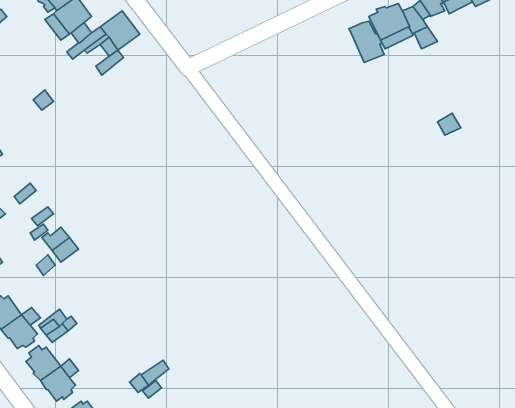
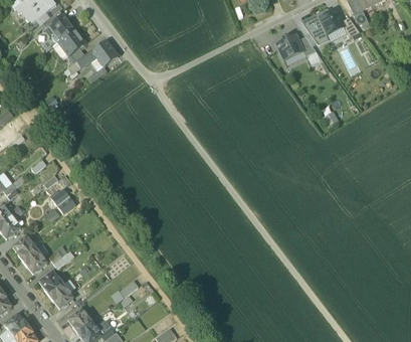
building: [349,21,384,62] -> none

